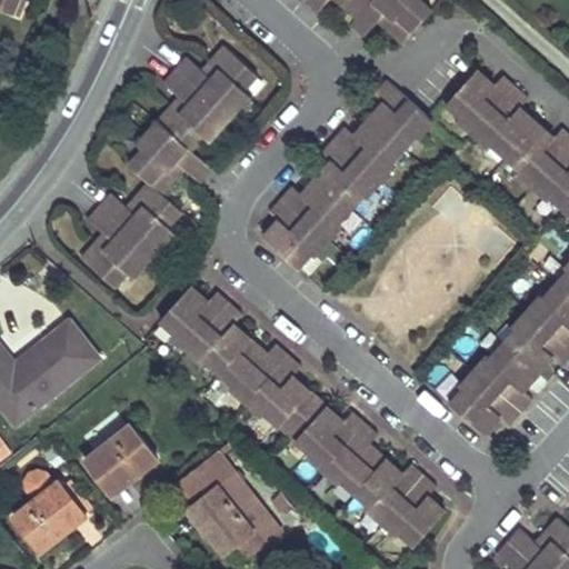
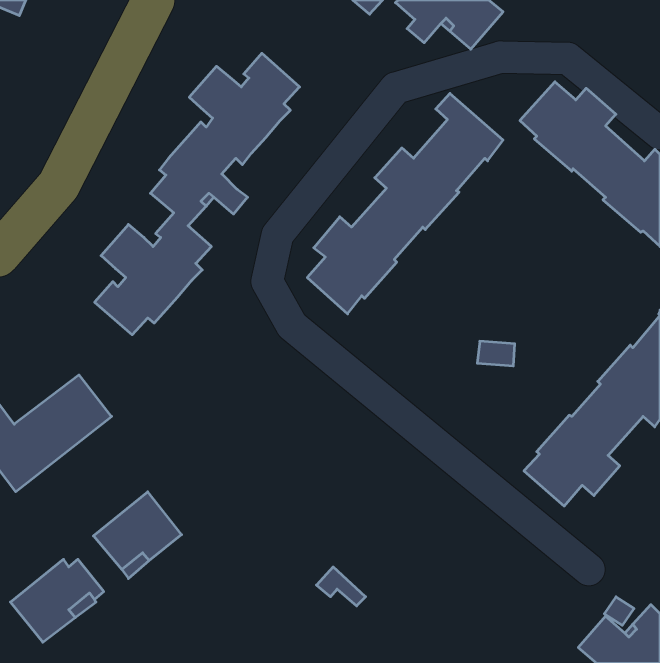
building: [159,286,445,546] -> none
building: [182,450,278,556] -> none

